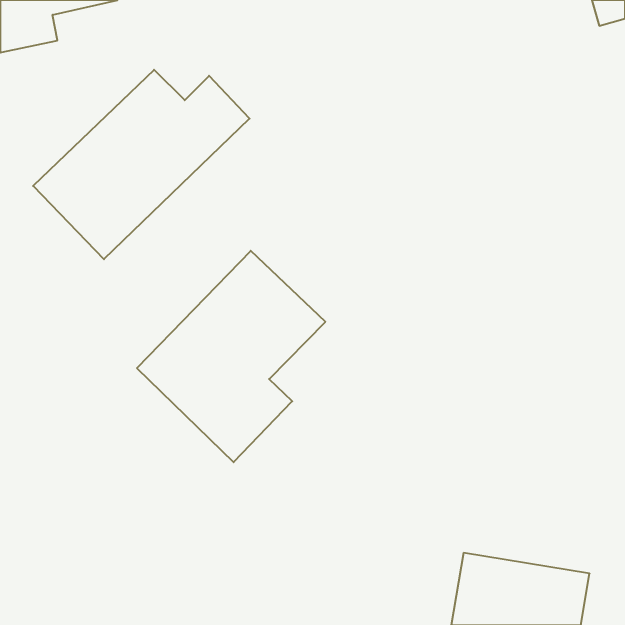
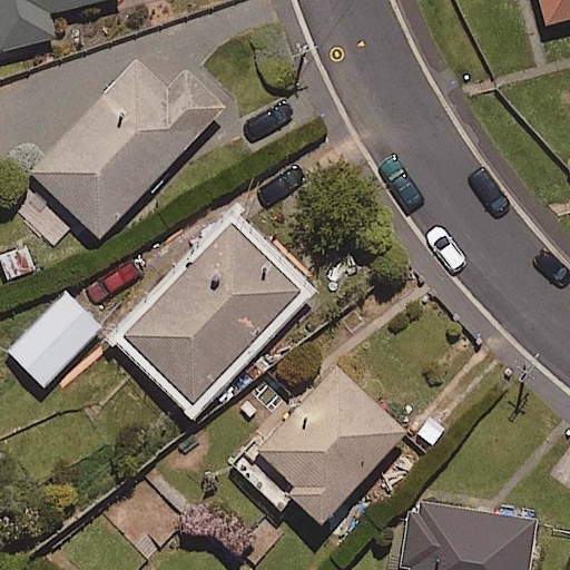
building: none -> [8,295,100,386]
building: none -> [234,370,405,524]

